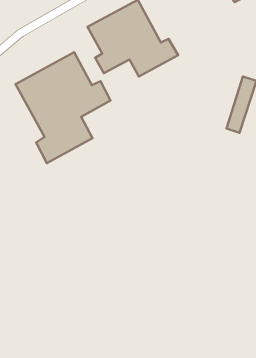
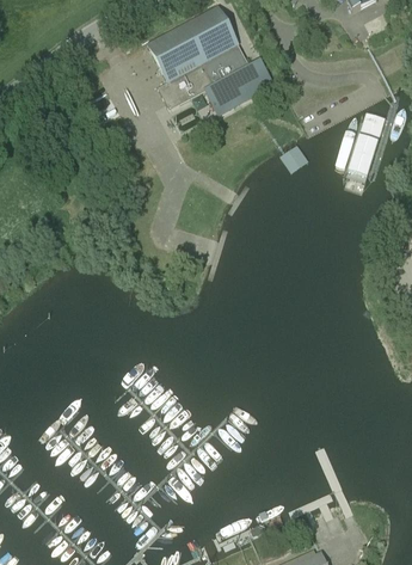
building: [15,52,111,163] -> none

